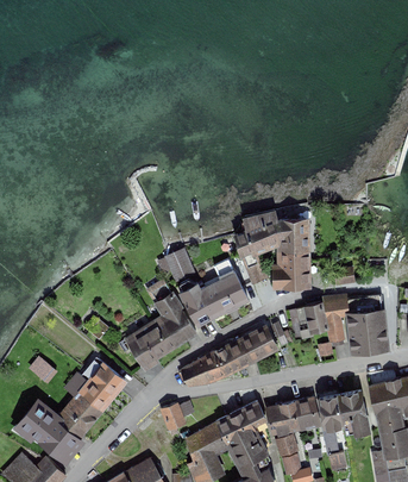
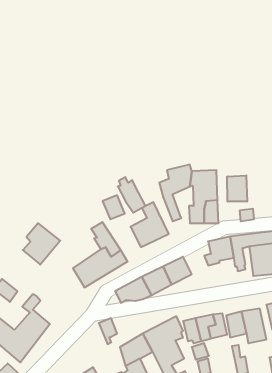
building: none -> [227,175,247,202]
building: [178,280,213,324] -> [118,177,146,213]
building: [79,359,125,411] -> [23,223,60,265]

